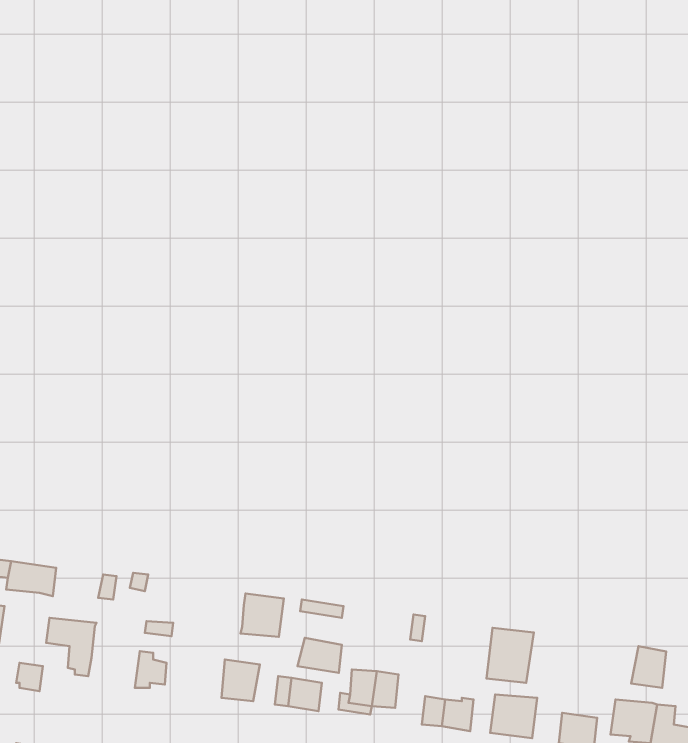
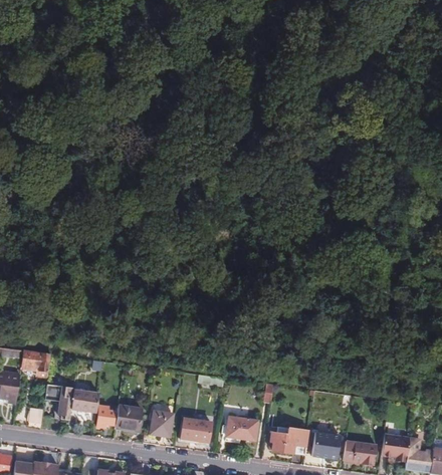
building: [240,594,284,637] -> [115,404,141,430]
building: none -> [71,389,98,411]
building: [486,628,534,683] -> none
building: [298,638,342,673] -> none
building: [631,646,666,688] -> none

